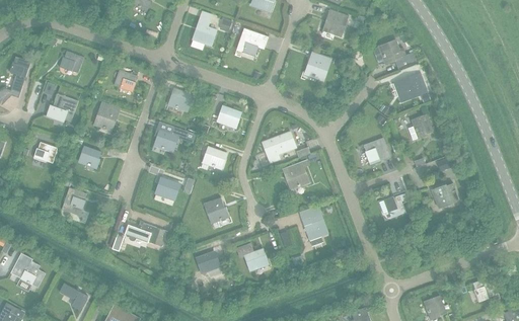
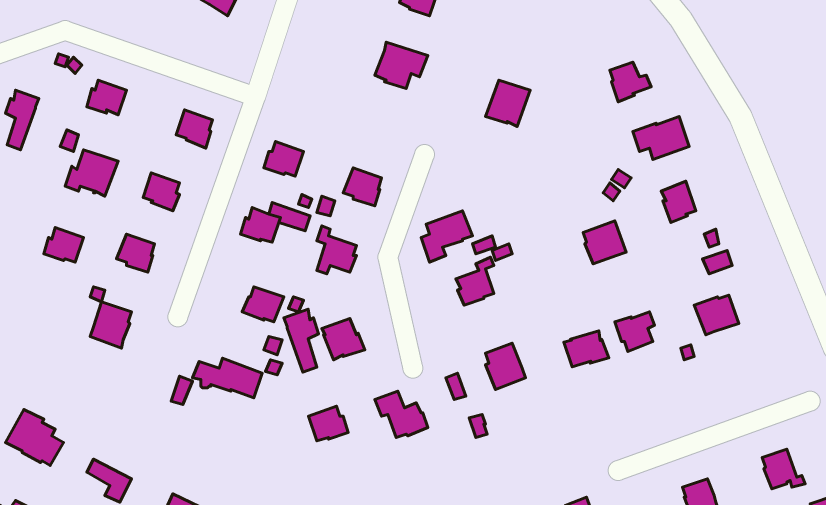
building: [321,8,348,35] -> none
building: [191,17,216,45] -> none
building: none -> [284,309,319,372]
building: none -> [564,331,609,367]

